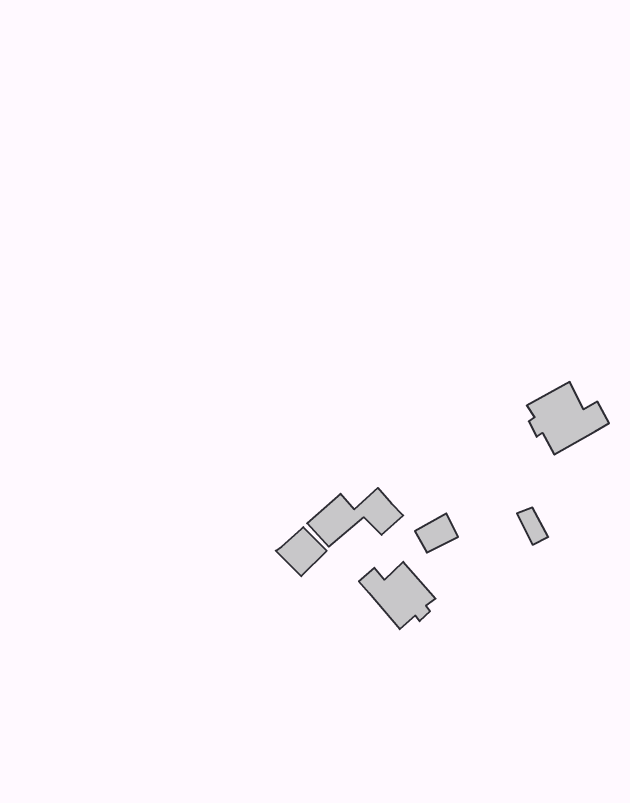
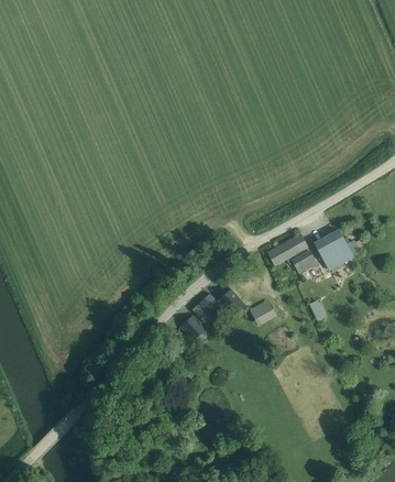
building: none -> [268,241,317,273]
building: [359,562,436,629] -> none

